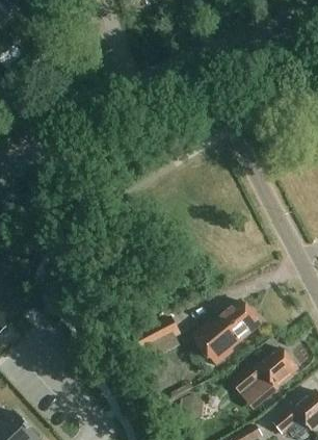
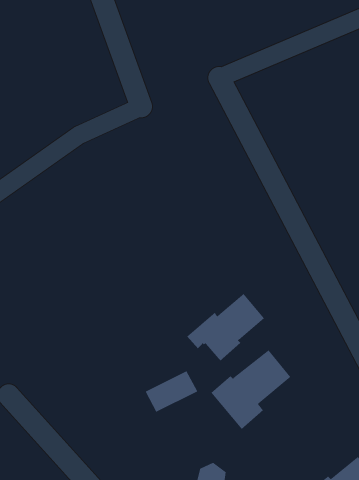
building: [232,346,297,404] -> [187,293,265,361]

